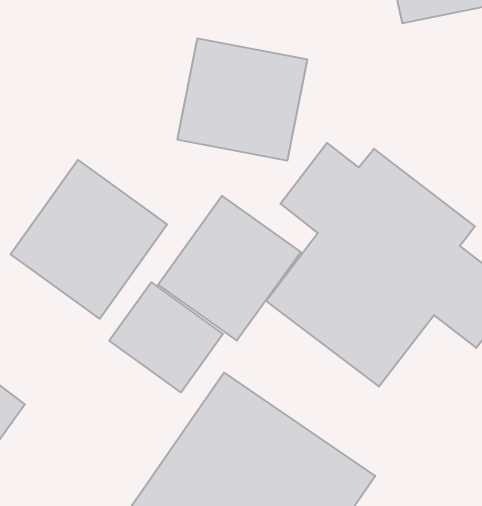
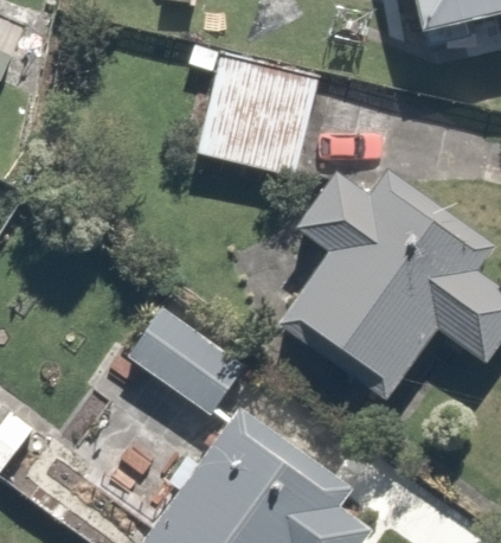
building: [11,160,167,319] -> none
building: [158,196,301,341] -> none

